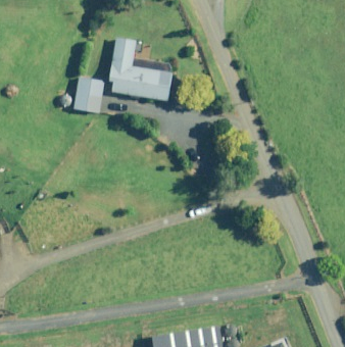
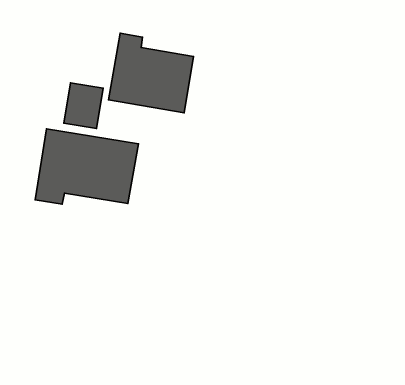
building: none -> [35,129,139,204]

